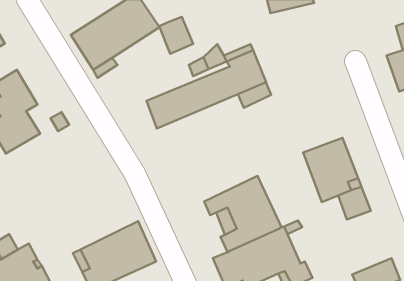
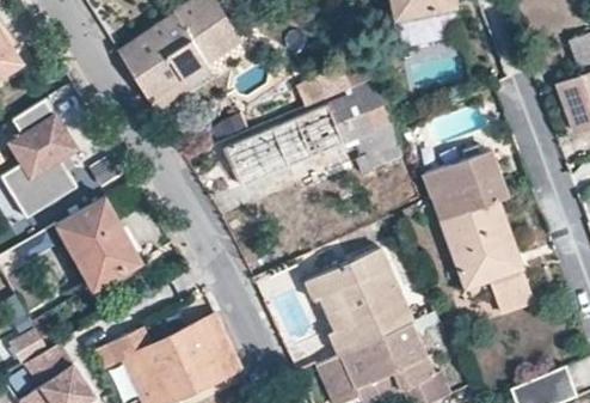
building: [159,17,193,54] -> none
building: none -> [423,142,505,216]
building: none -> [56,202,142,297]

